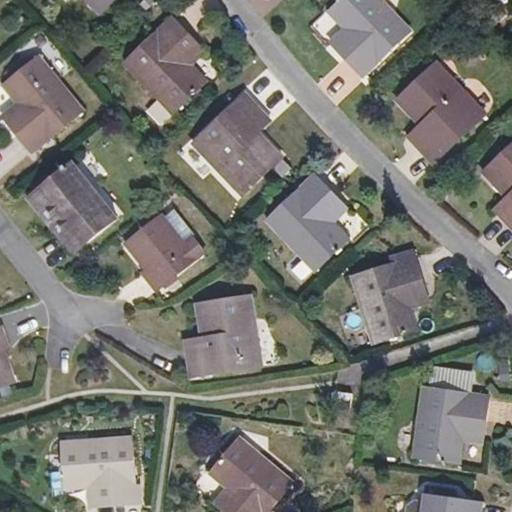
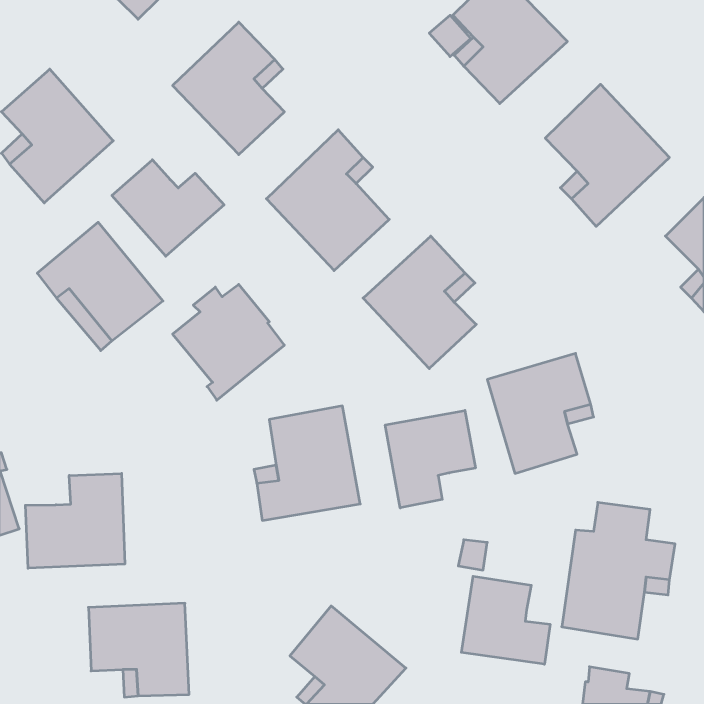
building: none -> [112,160,224,256]
building: none -> [385,410,475,508]
building: none -> [25,473,125,568]
building: none -> [461,576,550,664]

